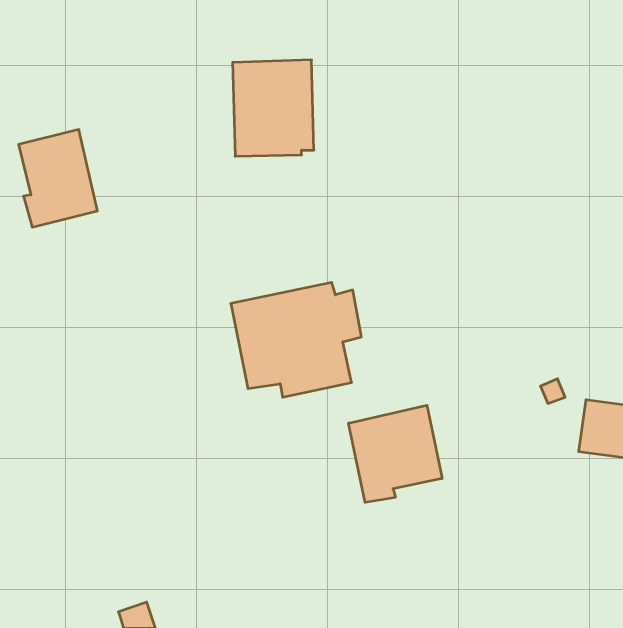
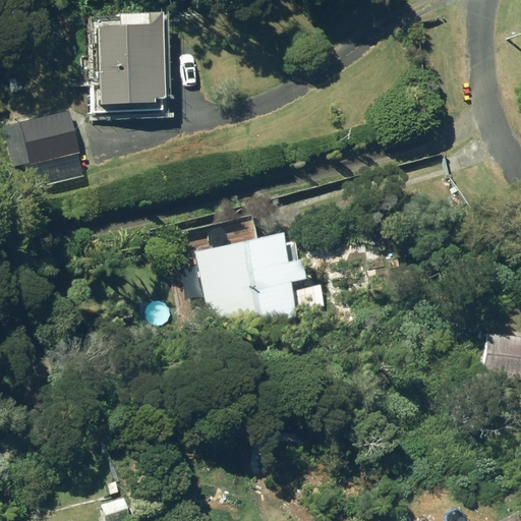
building: [233,60,314,156] -> [95,24,162,104]
building: [349,405,442,502] -> none

